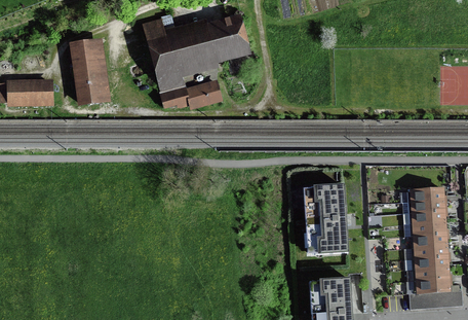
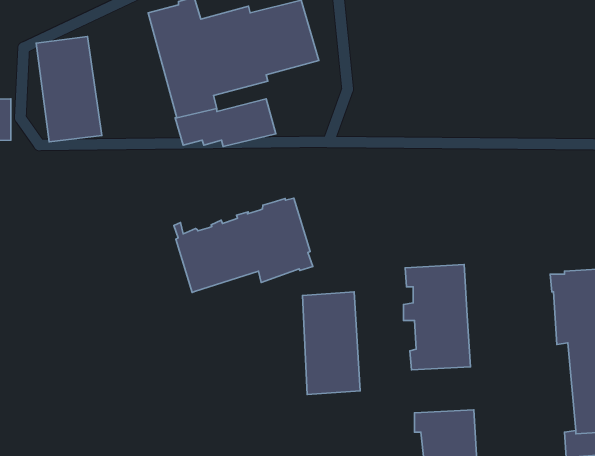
building: none -> [174,198,313,292]
building: none -> [302,292,360,395]

